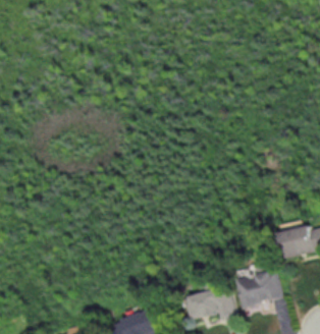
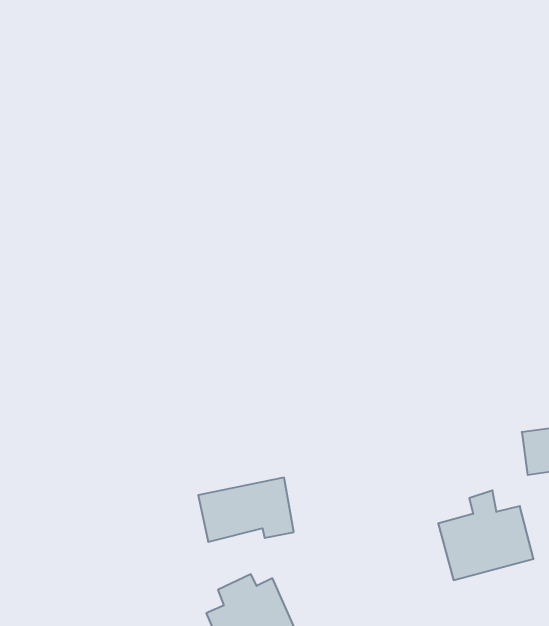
building: [182,287,232,321] -> [198,478,294,542]

